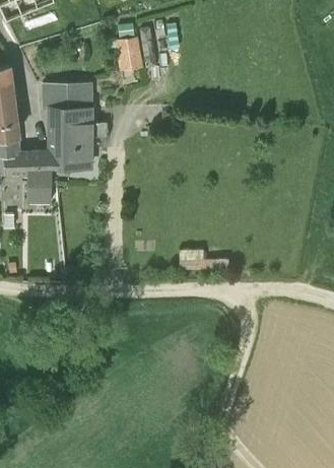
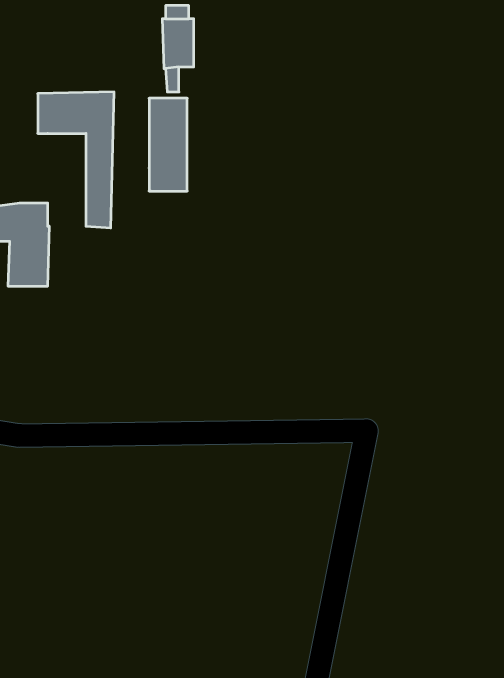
building: [51,109,74,165] -> [149,98,187,191]

